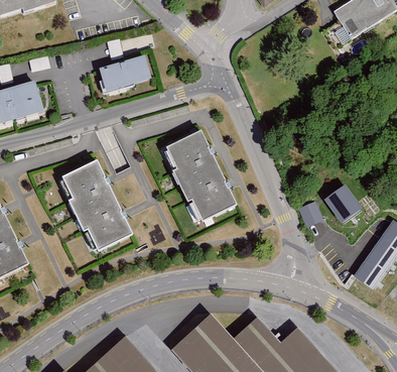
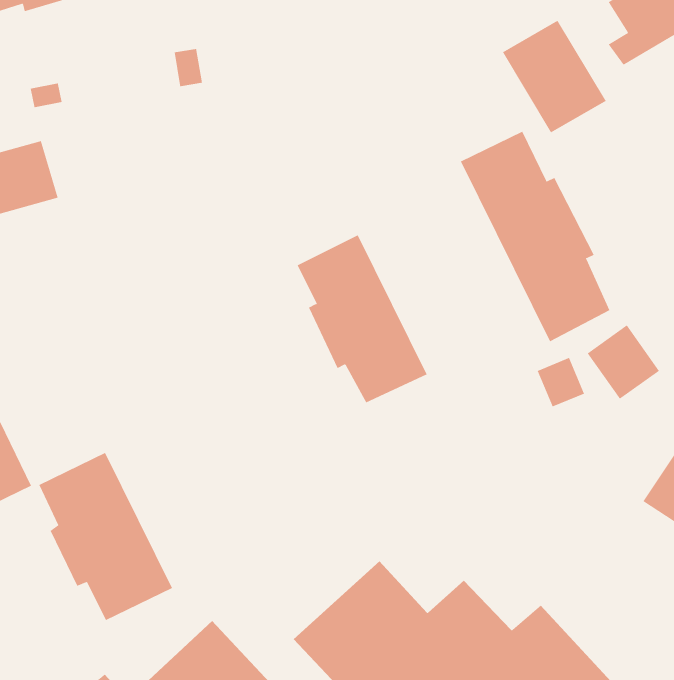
building: none -> [502,20,606,133]
building: [100,57,151,94] -> none
building: none -> [460,131,610,342]
building: [63,162,134,251] -> [38,452,173,621]

